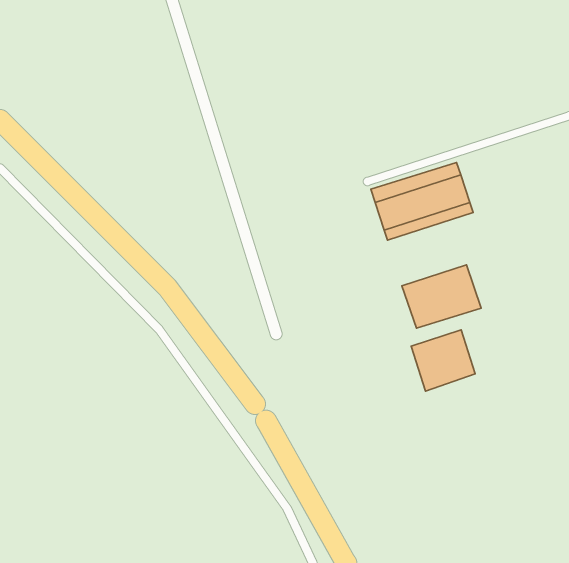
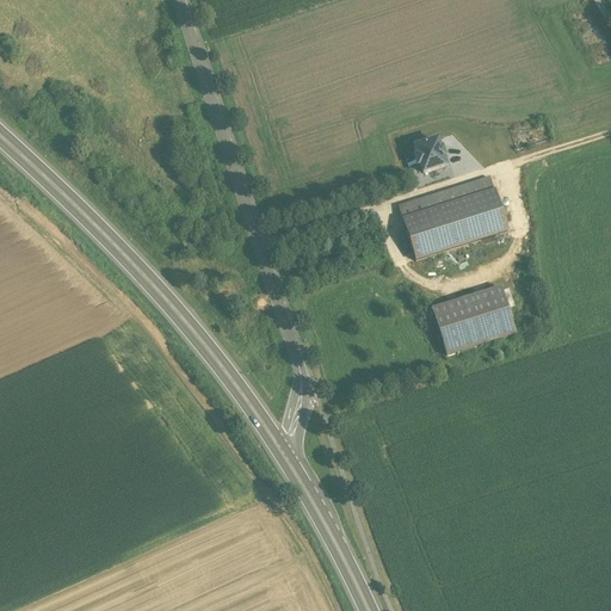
building: none -> [414,136,445,169]
building: [411,330,475,391] -> none

